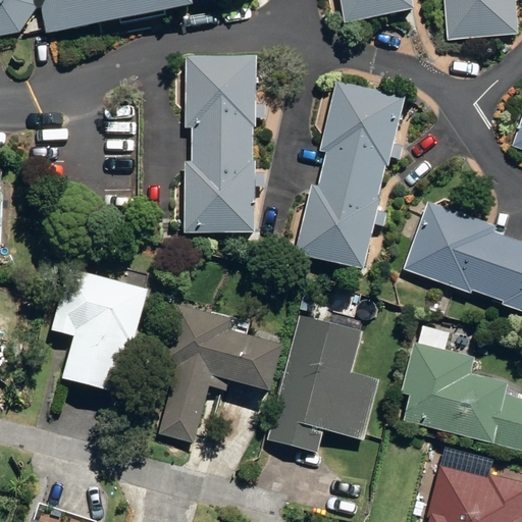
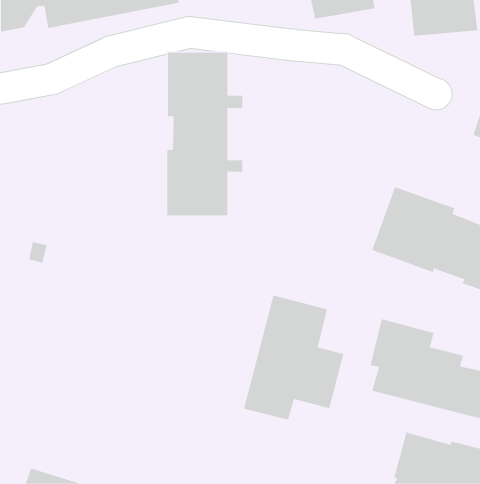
building: [295,79,403,268] -> none
building: [51,268,143,392] -> none
building: [158,303,276,441] -> none

